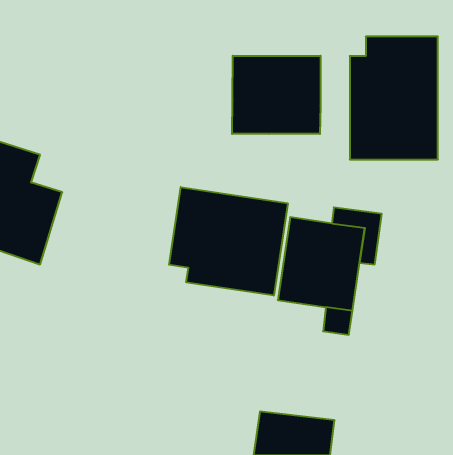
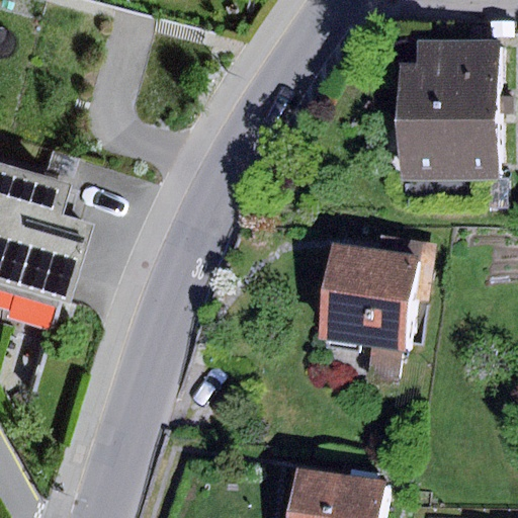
building: [232,56,321,134] -> none
building: [169,187,288,296] -> none

